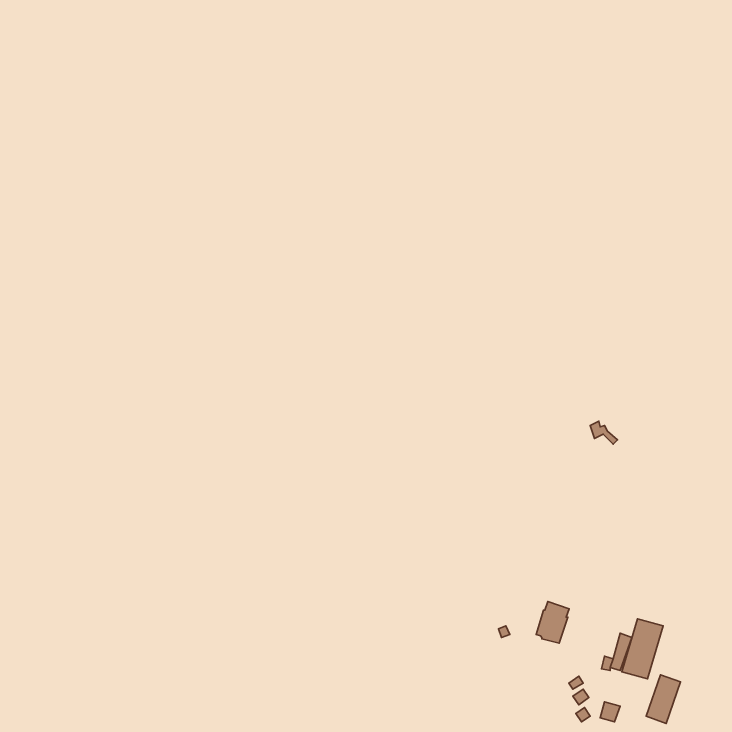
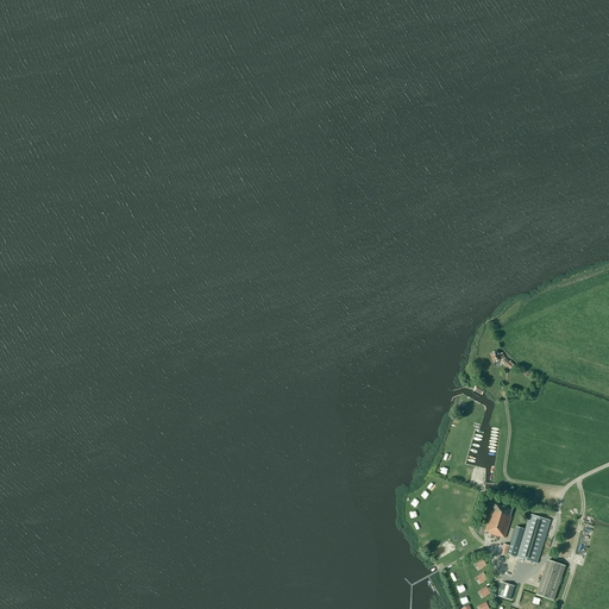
building: [536,602,569,643] -> [485,503,513,538]

